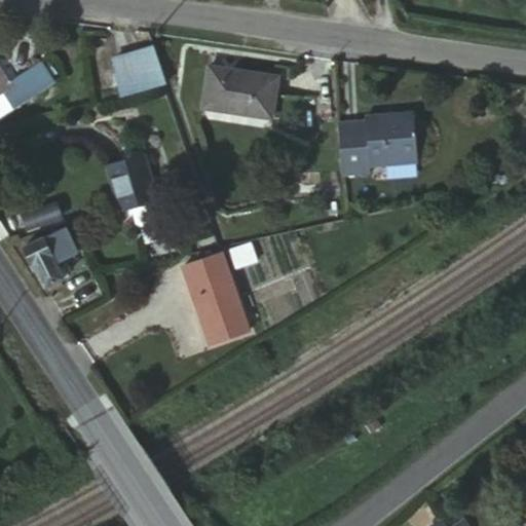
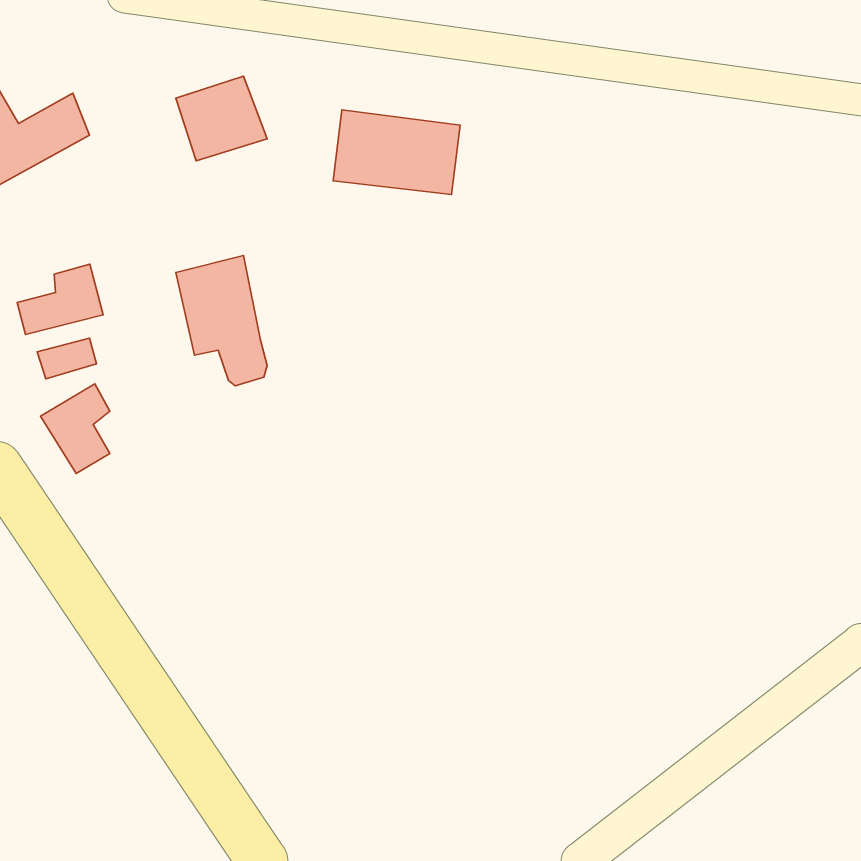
building: [342,112,416,171] -> none
building: none -> [17,264,103,335]
building: [183,252,250,348] -> none

